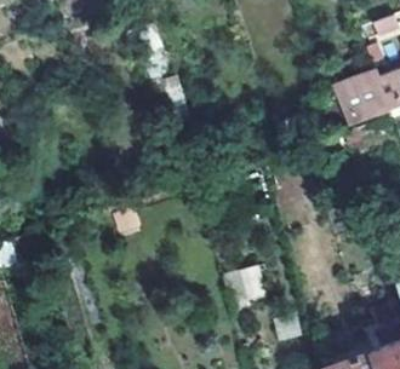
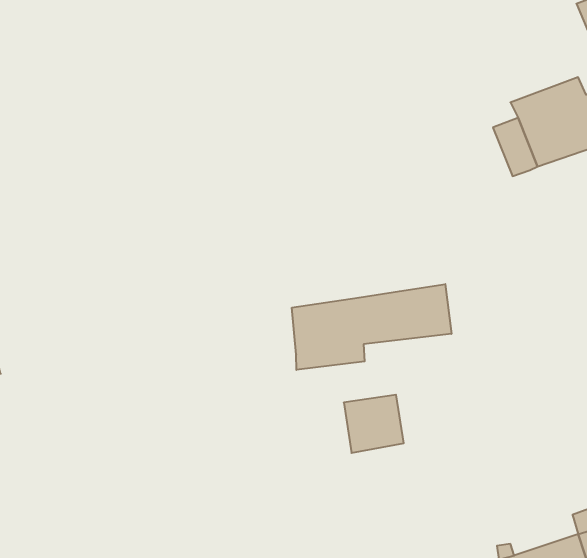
building: none -> [292,284,451,370]

